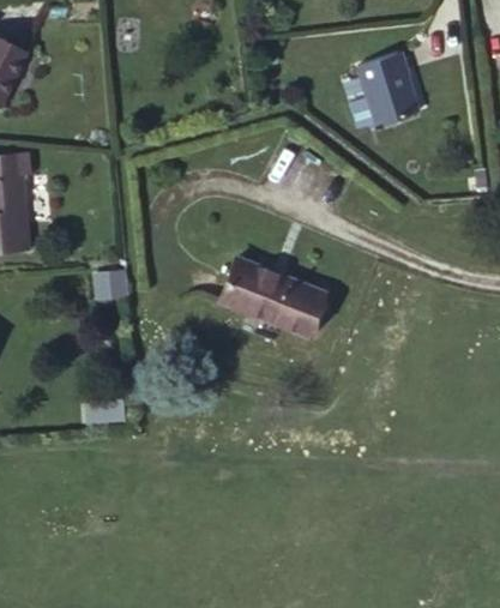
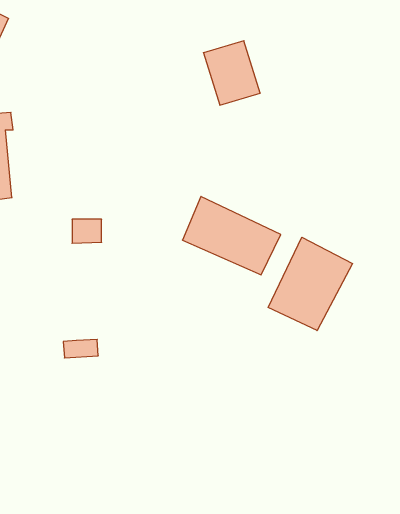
building: [356,52,418,122] -> [203,41,260,105]
building: none -> [268,237,353,331]

